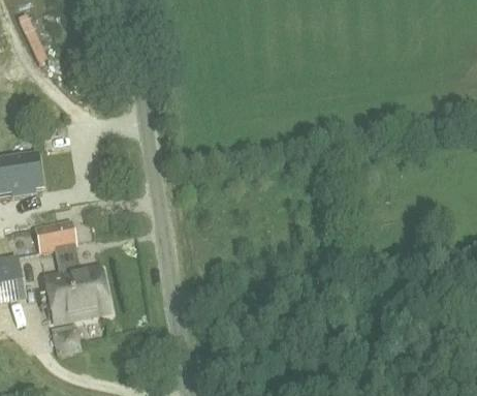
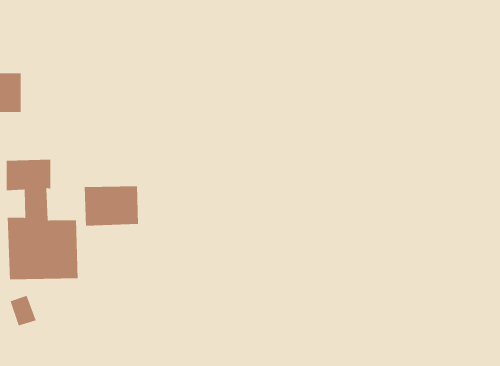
building: none -> [84,186,139,226]

